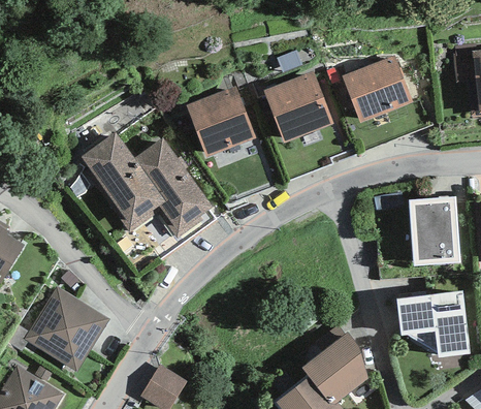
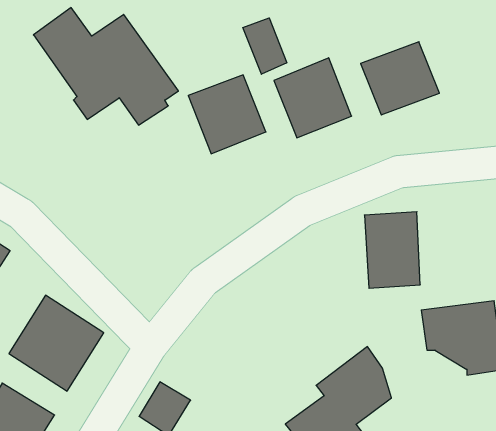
building: none -> [243,18,287,74]
building: [81,131,212,238] -> [33,8,178,125]
building: [408,196,458,265] -> [364,212,420,288]

